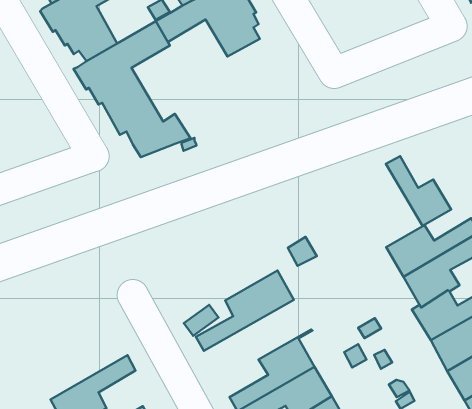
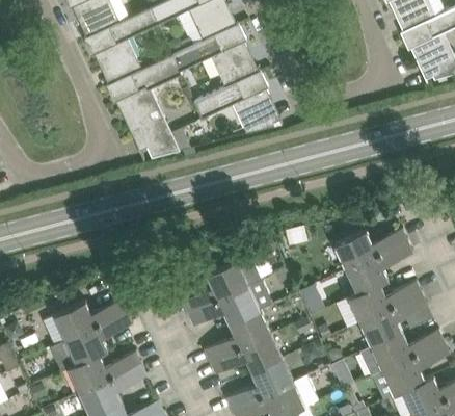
building: none -> [194,71,275,134]
building: [386,156,451,226] -> none
building: none -> [187,280,271,327]
building: none -> [54,300,128,340]

